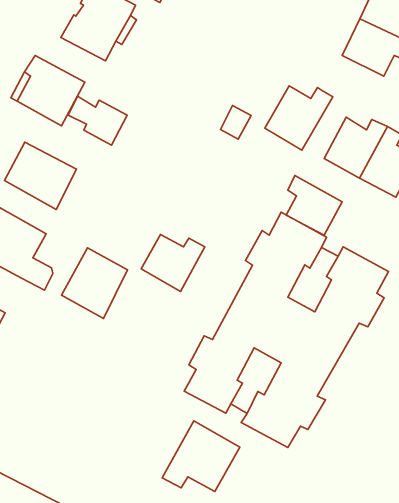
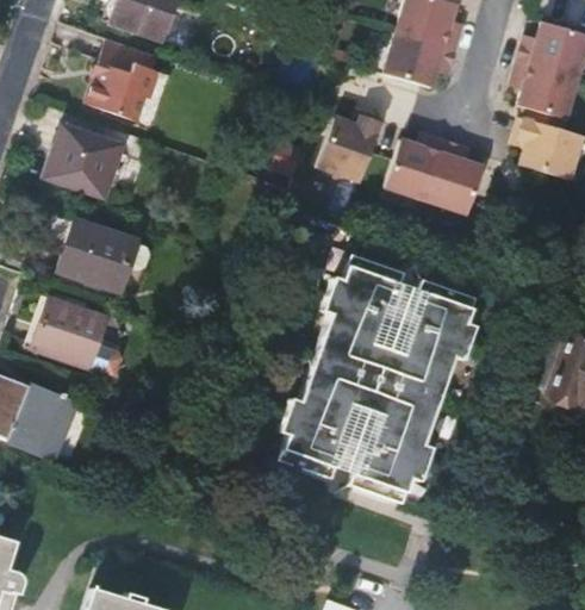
building: [68,96,127,145] -> none
building: [286,175,342,235] -> none
building: [141,234,205,291] -> none
building: [62,248,128,318] -> none
building: [162,421,240,491] -> none

